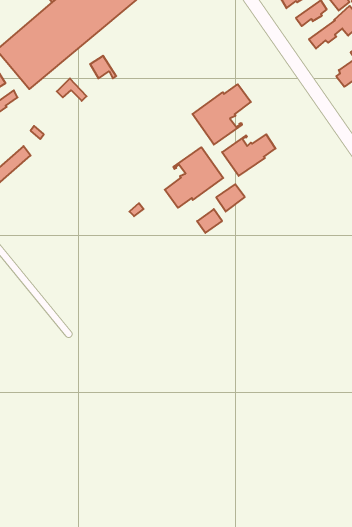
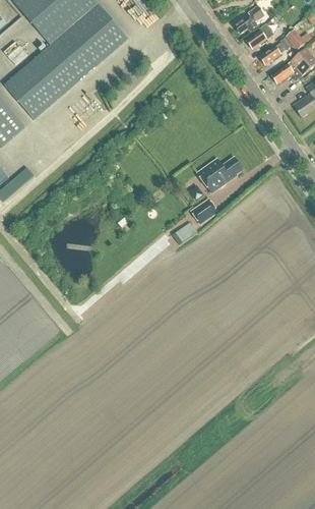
building: [192,84,251,145] -> none
building: [165,147,223,208] -> none

